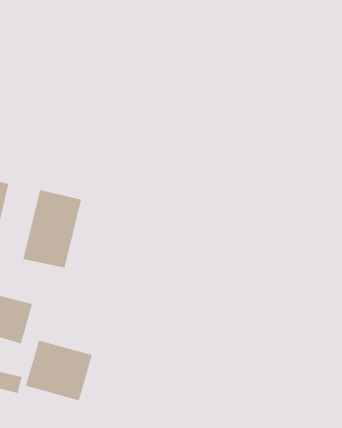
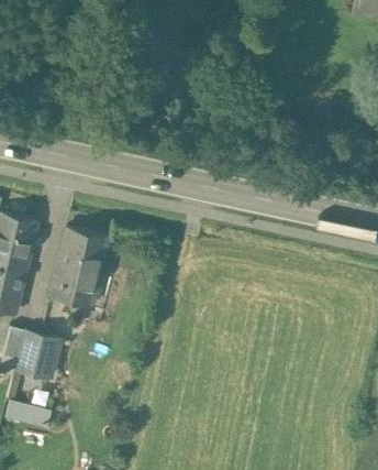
building: [25,340,92,401] -> none

